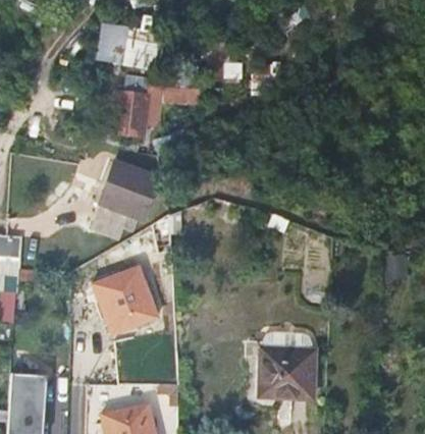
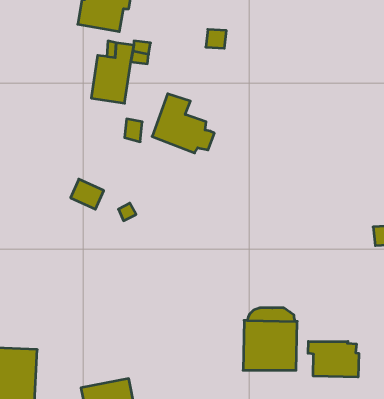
building: [99,160,160,218] -> [152,94,214,153]
building: [93,264,159,331] -> none
building: none -> [308,341,359,377]

